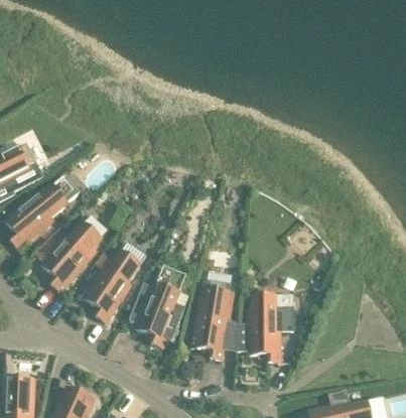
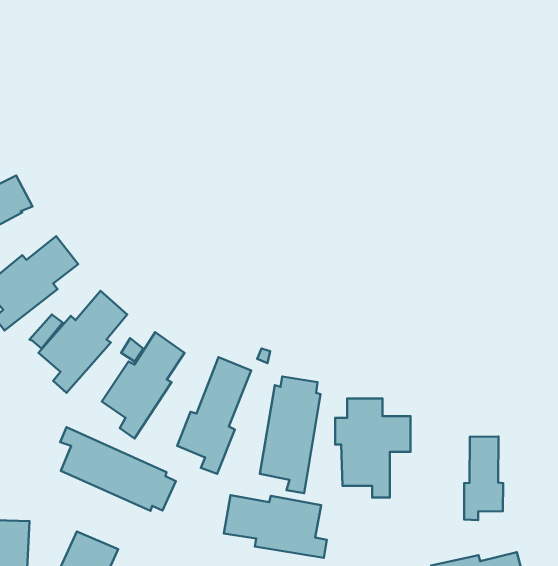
building: none -> [60,427,176,511]
building: none -> [464,436,503,520]
building: none -> [224,495,327,558]

